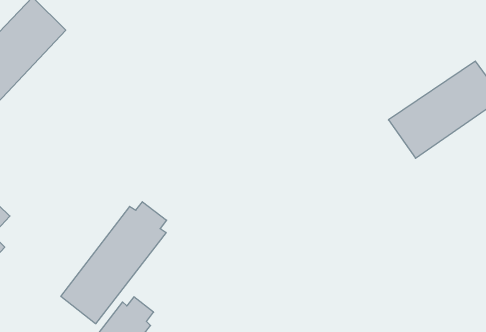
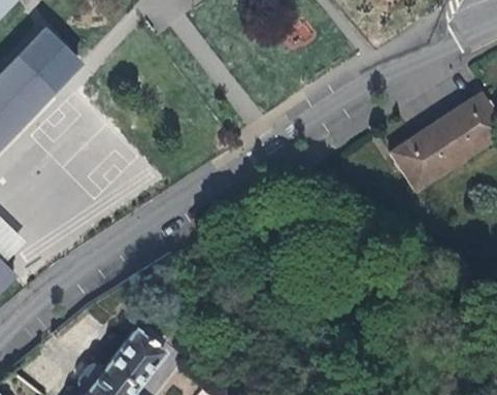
building: [61,202,167,324] -> none

